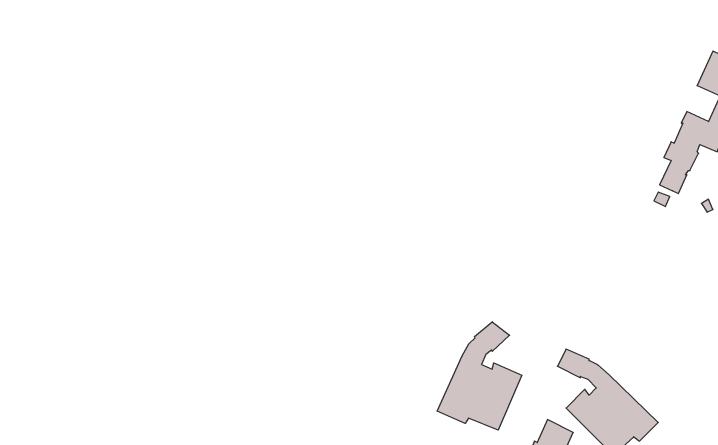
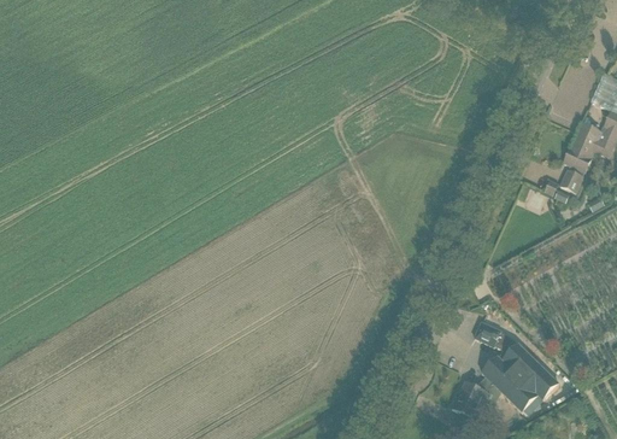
building: [437,322,522,430] -> none

